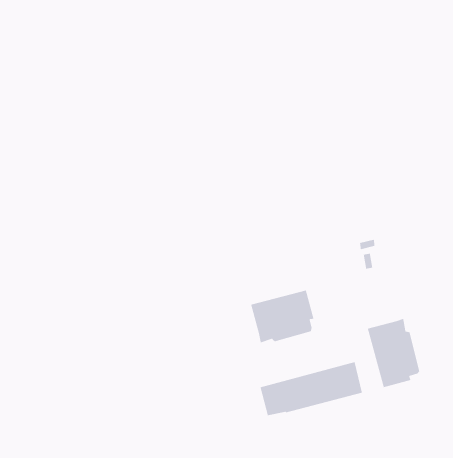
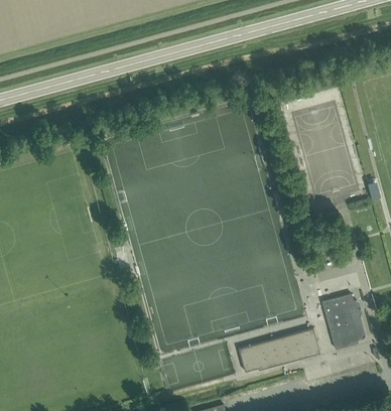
building: [250,289,314,343] -> none

